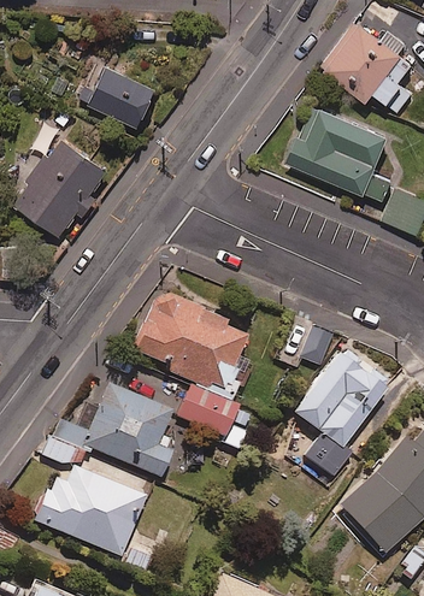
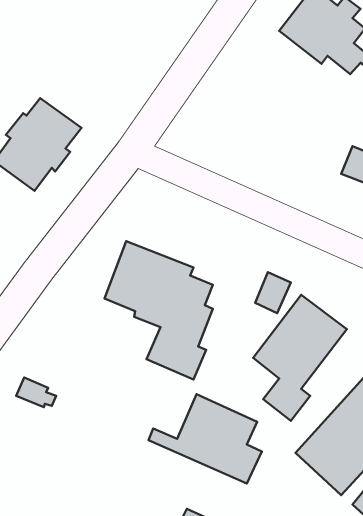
building: [89,67,155,126] -> none
building: [284,106,391,205] -> none
building: [59,384,178,478] -> [149,394,262,484]
building: [36,466,147,557] -> none

